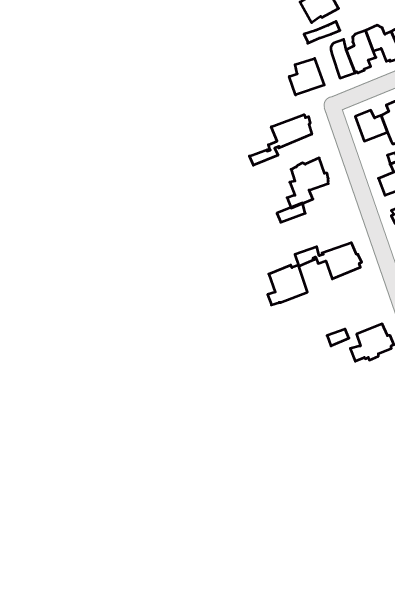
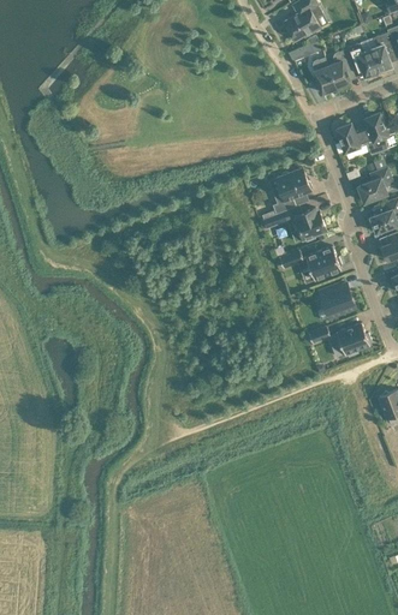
building: [289,58,324,95] -> none
building: [249,115,312,165] -> none
building: none -> [295,208,326,240]
building: [268,265,307,305] -> [317,282,355,320]

